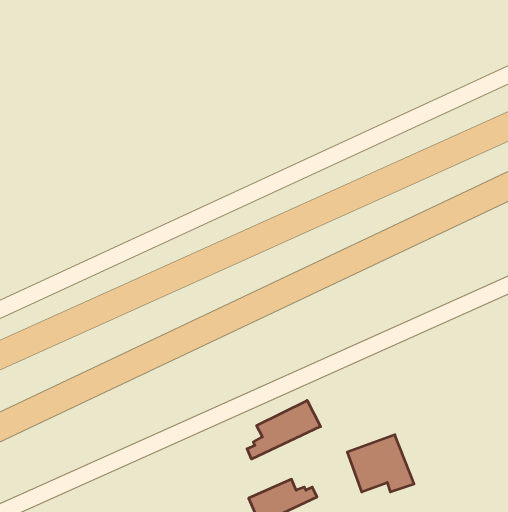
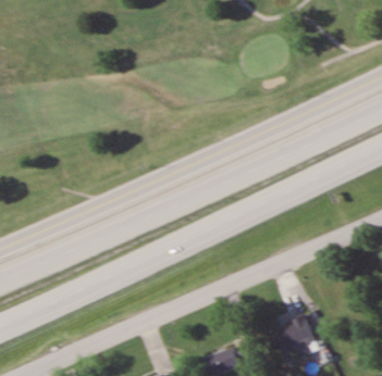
building: [247,400,321,459] -> none

